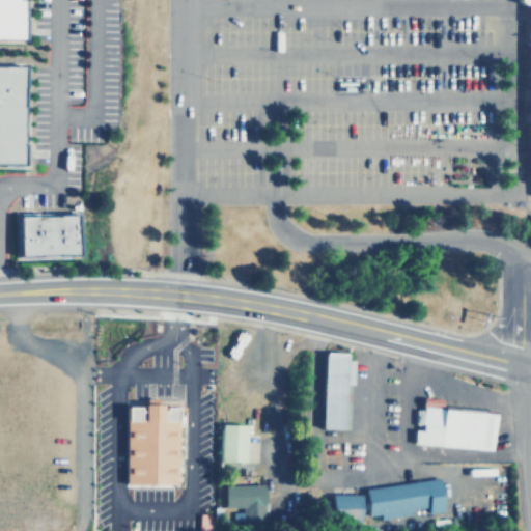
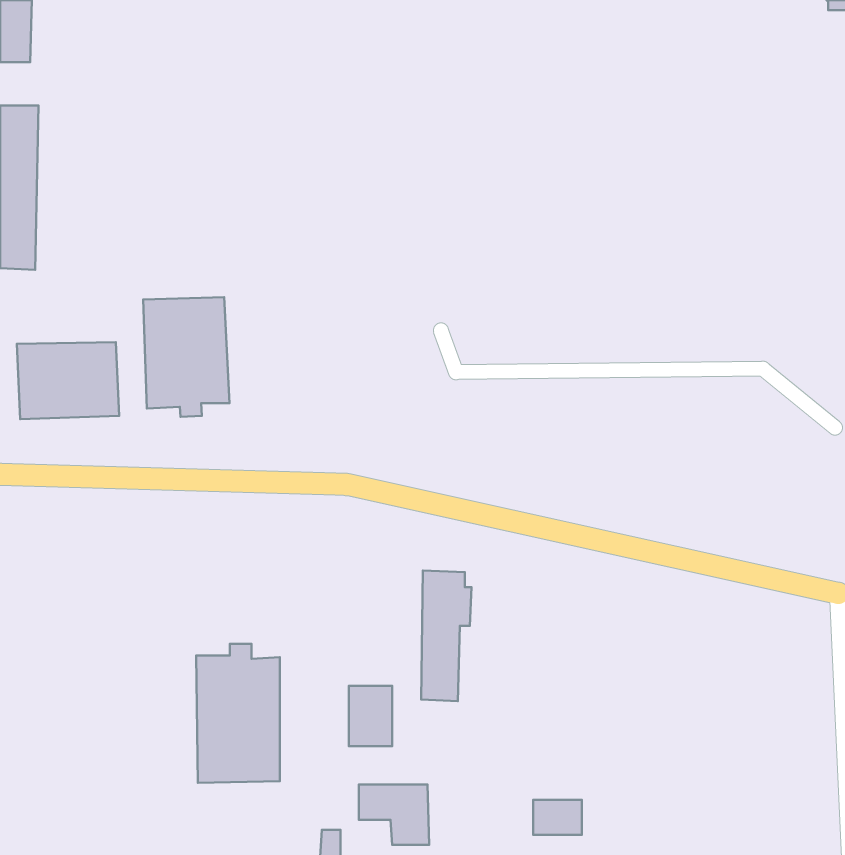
building: none -> [143,297,229,417]
building: [325,351,356,431] -> [421,570,471,701]
building: [423,408,499,451] -> none
building: [370,481,449,521] -> none

